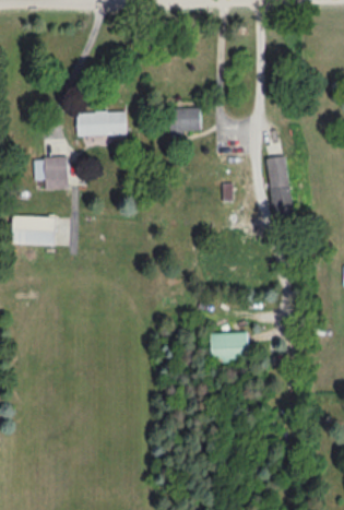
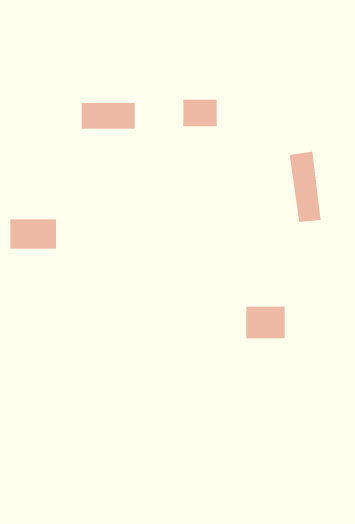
building: [34,157,67,188] -> none
building: [211,332,247,361] -> [246,306,286,339]

